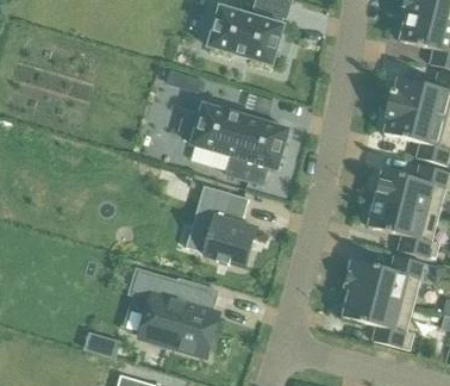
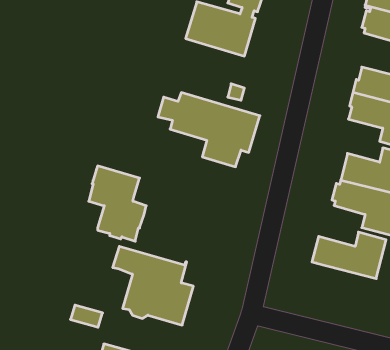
building: [193,183,255,264] -> [89,166,146,241]
building: [339,286,413,348] -> none

